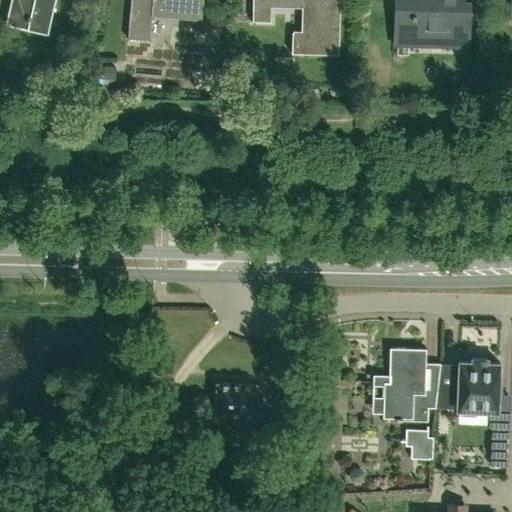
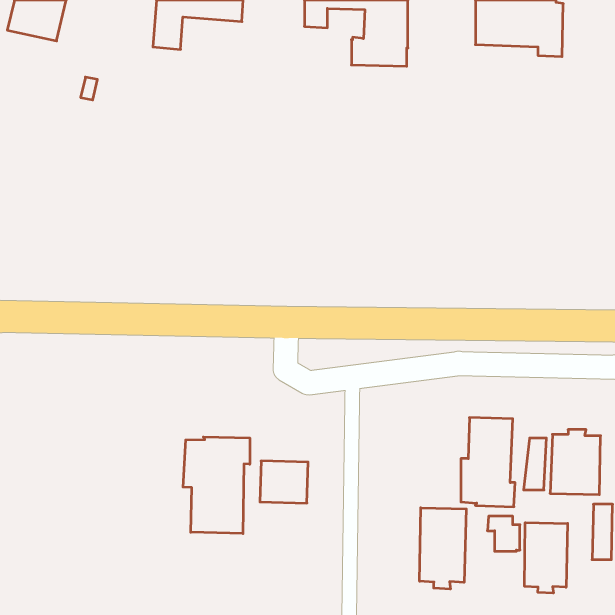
building: none -> [183,437,250,534]
building: none -> [420,508,466,589]
building: none -> [525,523,568,593]

